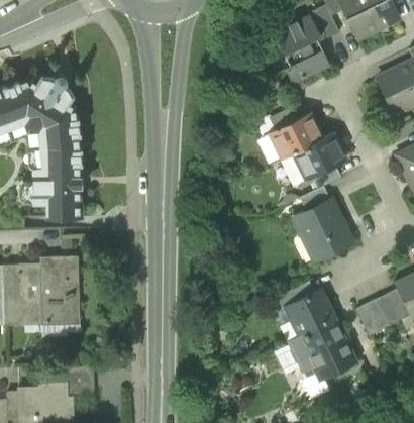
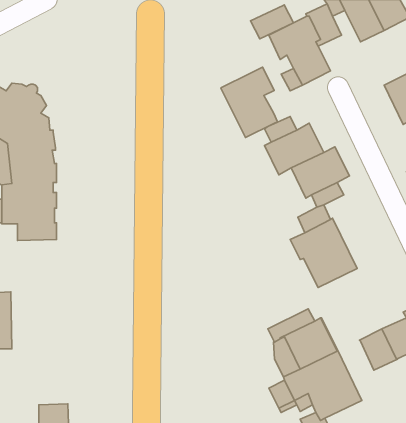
building: none -> [250,5,293,39]
building: none -> [221,67,277,138]
building: [40,256,79,323] -> none

